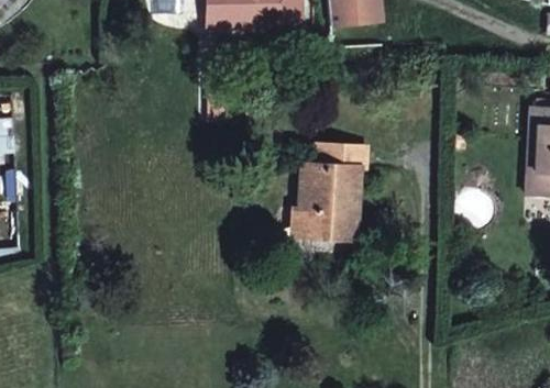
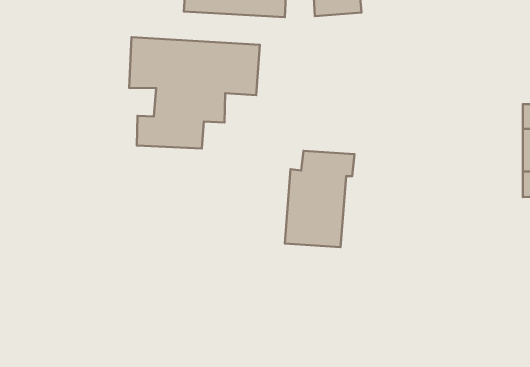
building: none -> [129,37,260,149]

